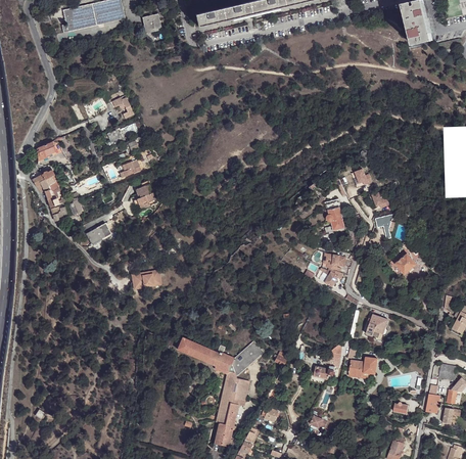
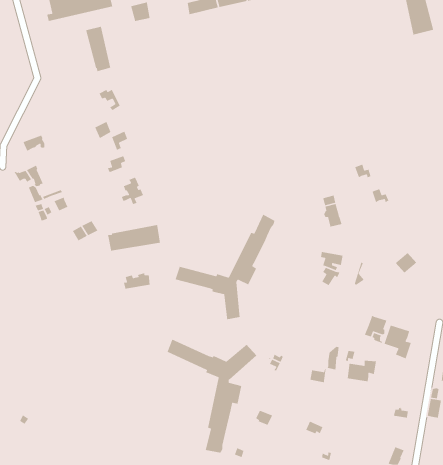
building: none -> [85,26,111,72]
building: none -> [174,213,275,320]
building: none -> [107,224,161,251]
building: none -> [384,325,412,360]

